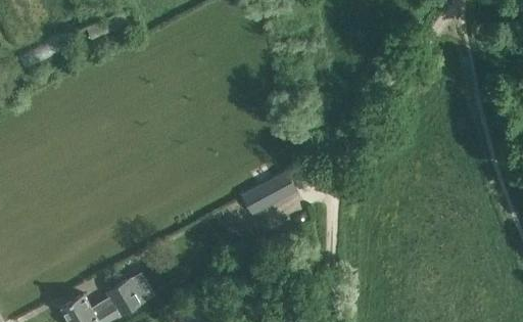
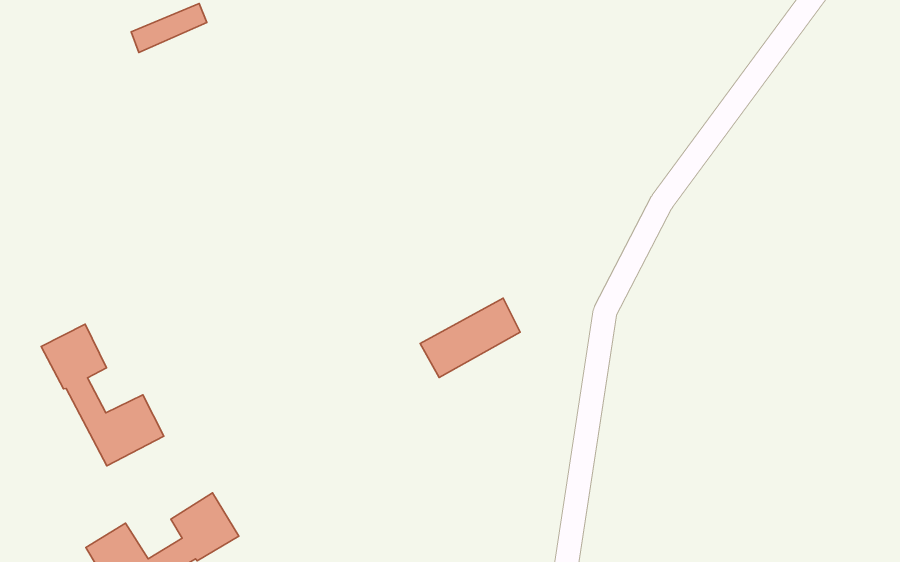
building: none -> [41,324,164,466]

